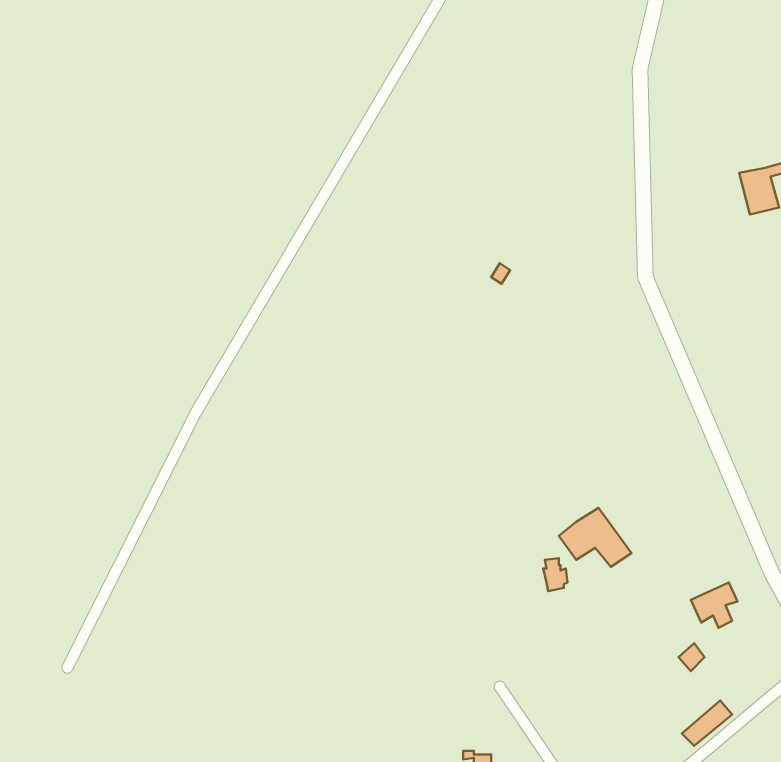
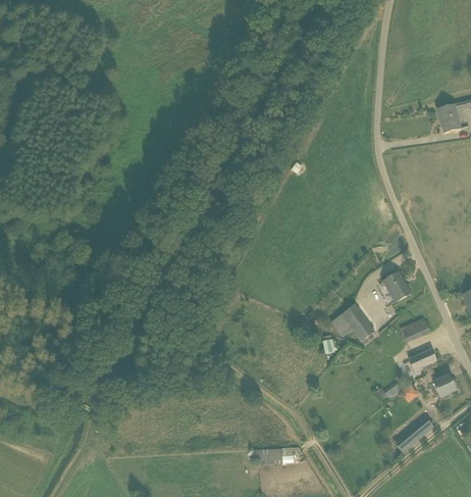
building: none -> [383,271,411,301]
building: none -> [400,316,429,341]
building: none -> [425,370,456,396]

